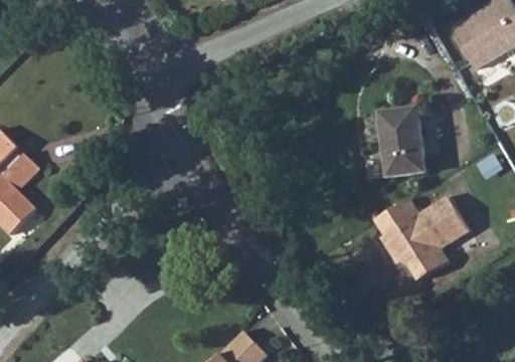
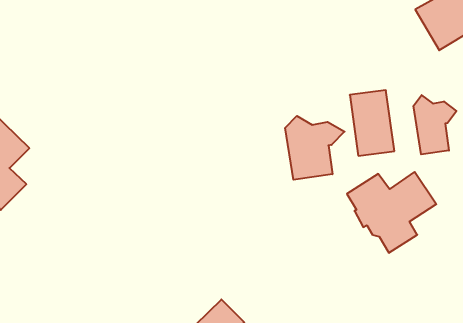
building: none -> [414,95,456,154]
building: none -> [285,116,345,180]

